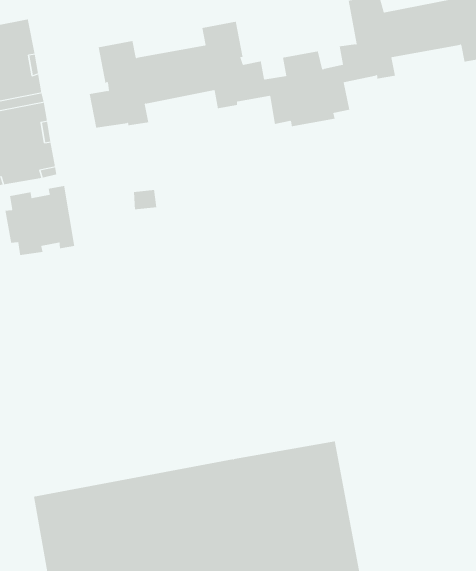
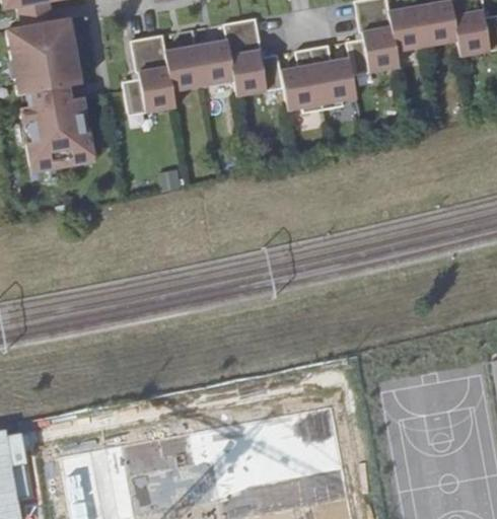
building: [5,185,75,256] -> none

